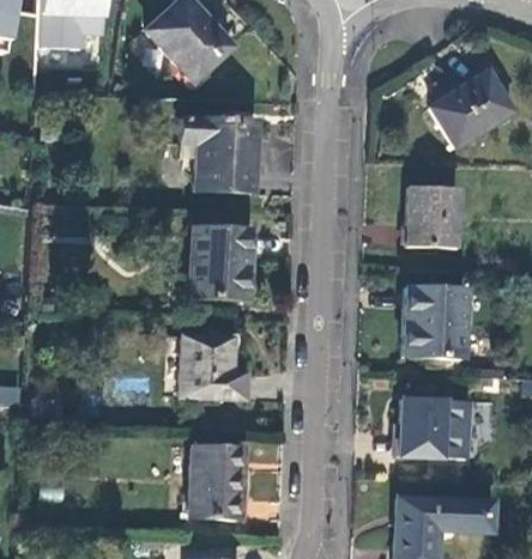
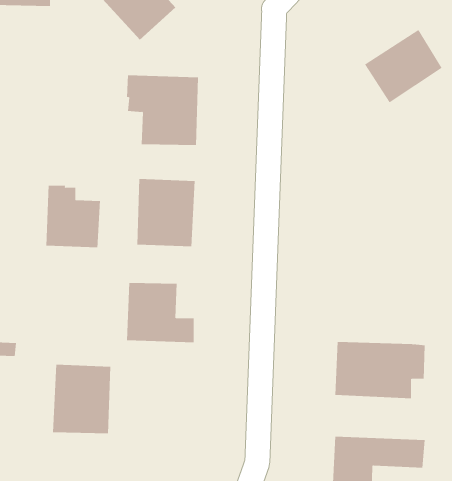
building: [406,184,466,247] -> none
building: none -> [46,185,100,248]
building: [403,286,477,358] -> none
building: [189,445,252,518] -> [52,364,111,434]

